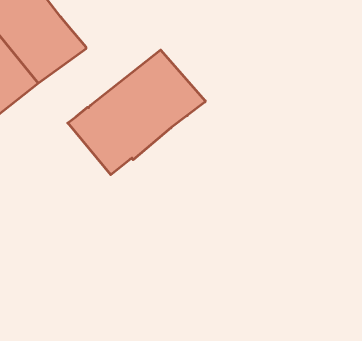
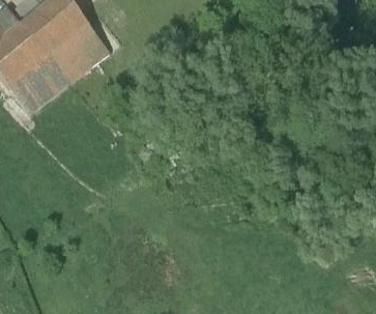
building: [68,50,205,175] -> none

